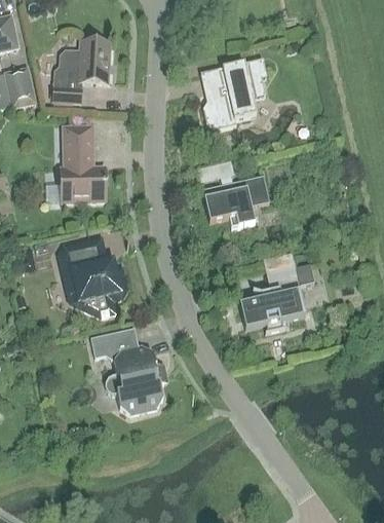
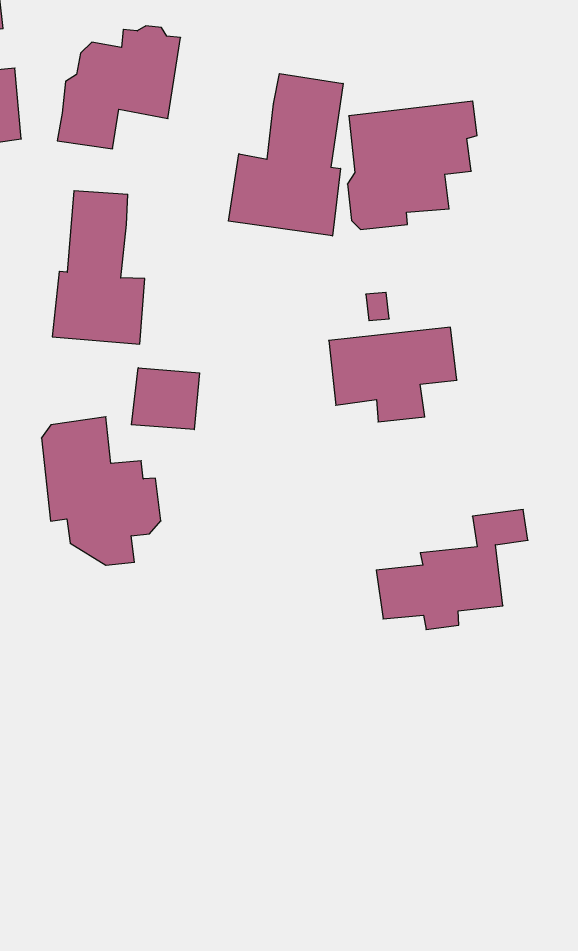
building: none -> [229,74,343,236]
building: none -> [131,368,199,430]
building: [89,327,163,414] -> none

